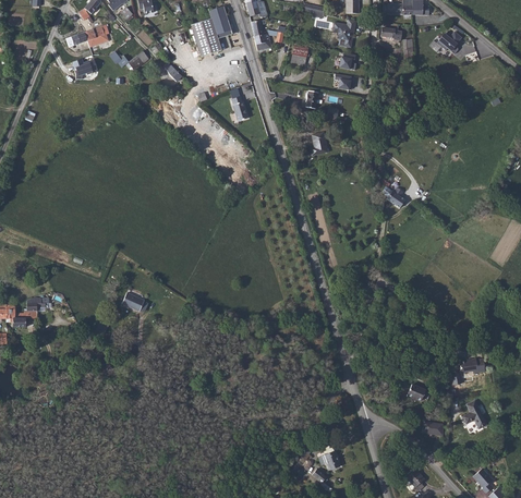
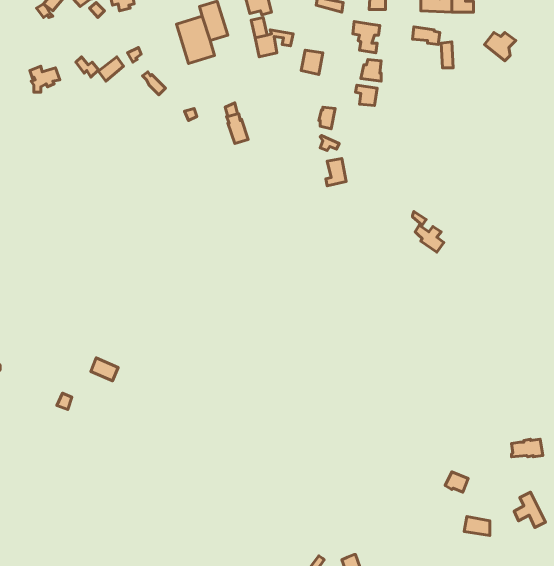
building: [65,24,109,47] -> none

